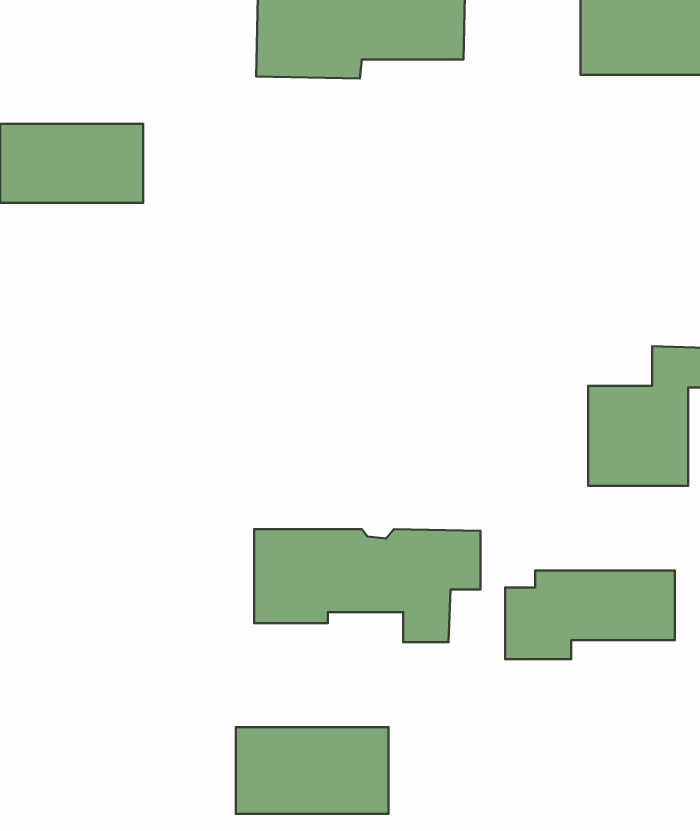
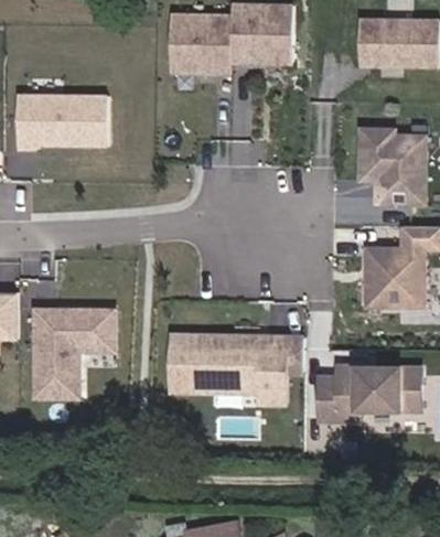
building: none -> [359,128,425,203]
building: none -> [32,309,112,399]
building: [236,727,388,814] -> none

